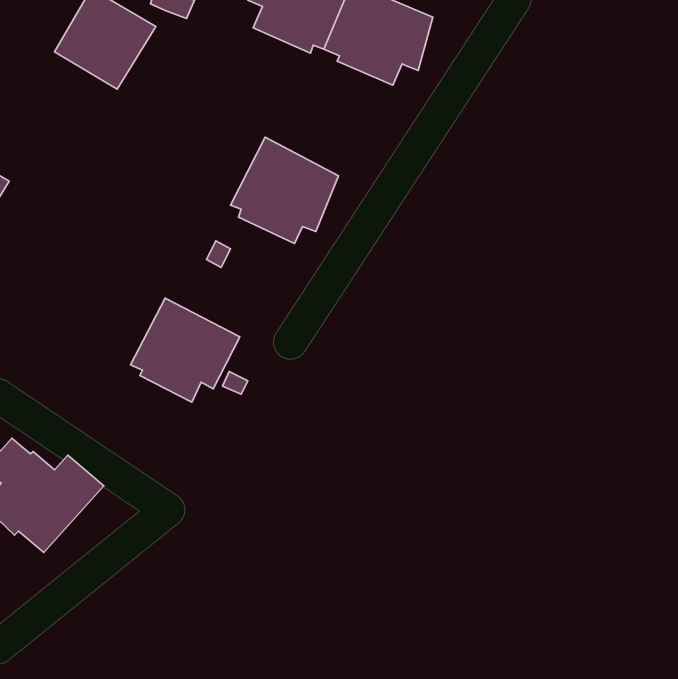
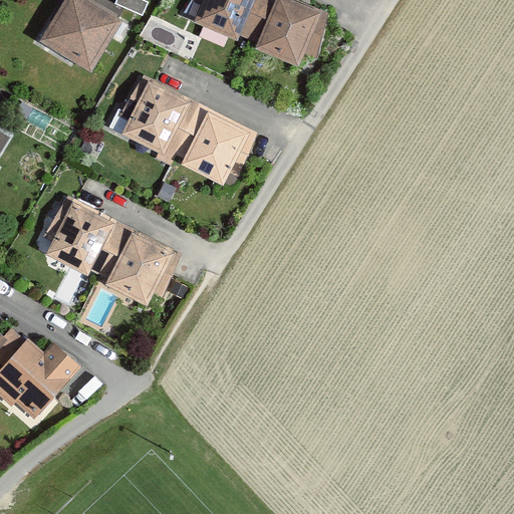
building: none -> [118,75,200,165]
building: none -> [44,195,124,275]

